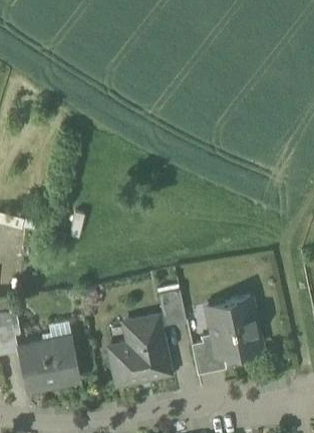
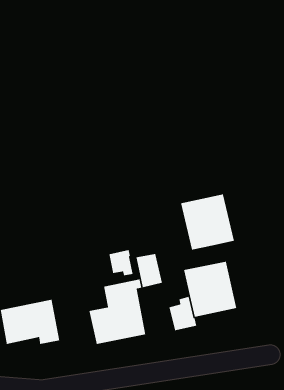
building: none -> [180,193,235,251]
building: none -> [108,249,134,276]

